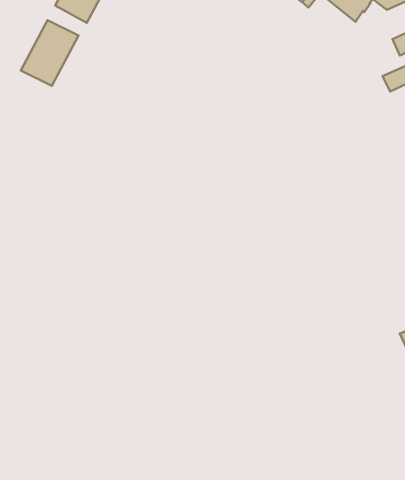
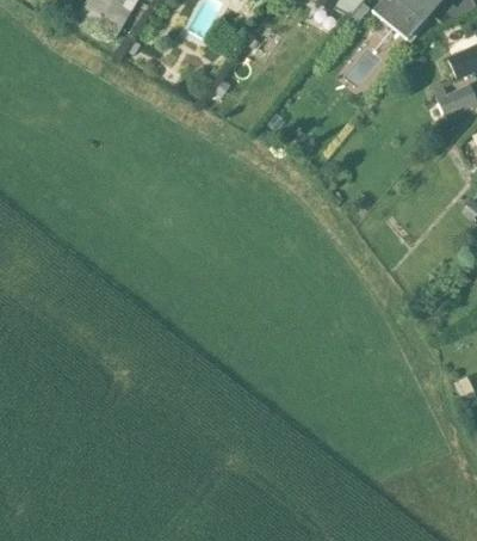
building: [21,20,78,86] -> none

